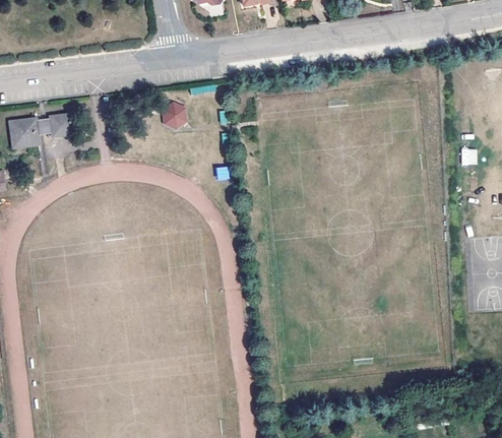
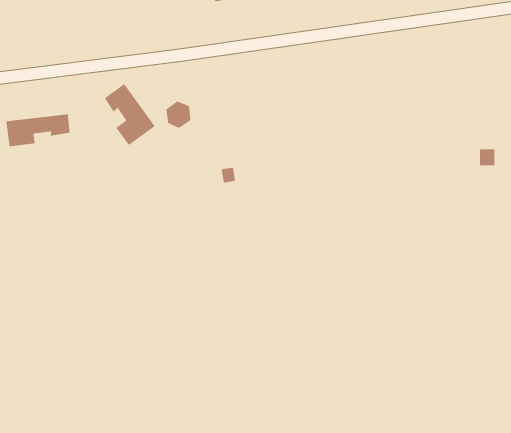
building: none -> [104,83,156,146]

